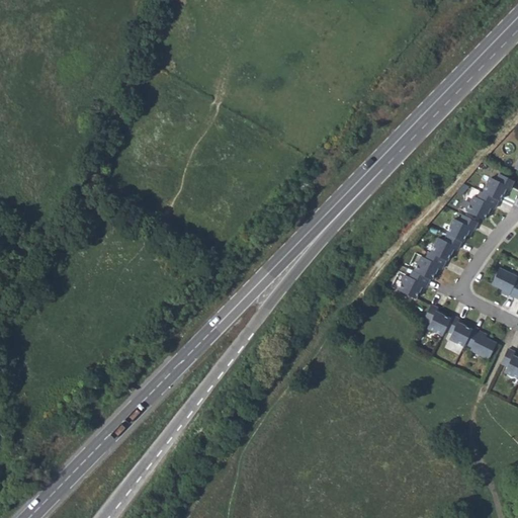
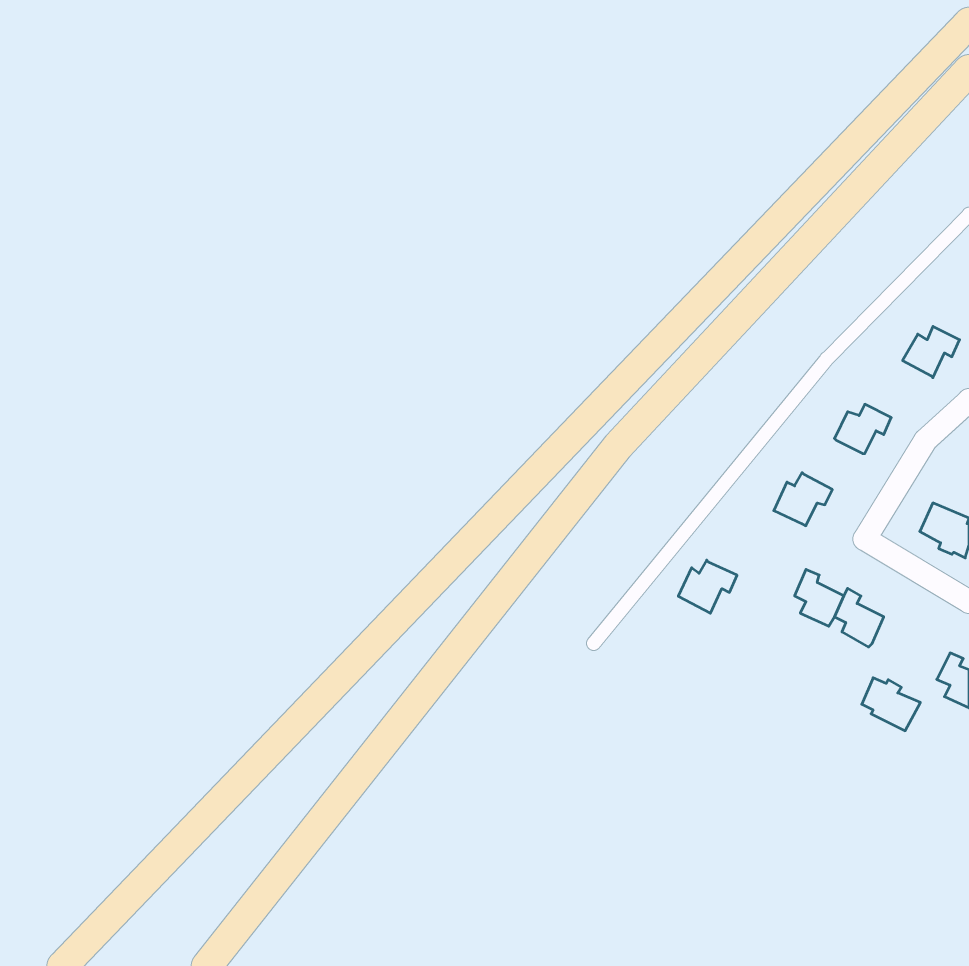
building: [465,192,497,220] -> none
building: [429,235,460,261] -> none
building: [397,271,428,299] -> [678,560,737,613]
building: [465,329,497,357] -> [862,678,920,731]

